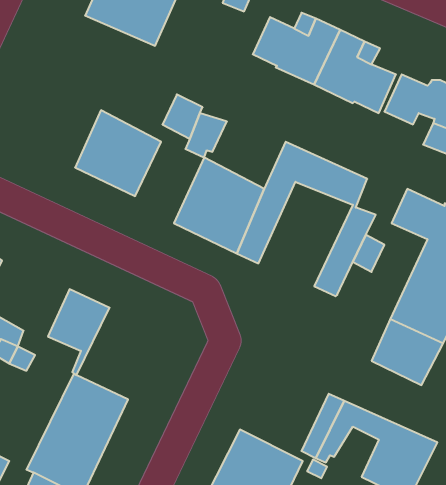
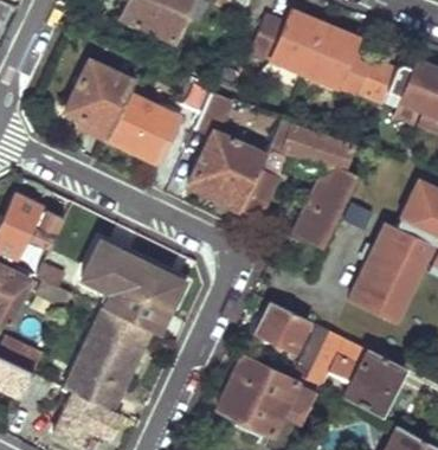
building: none -> [62,60,133,140]
building: none -> [108,256,181,334]
building: none -> [256,302,309,353]

